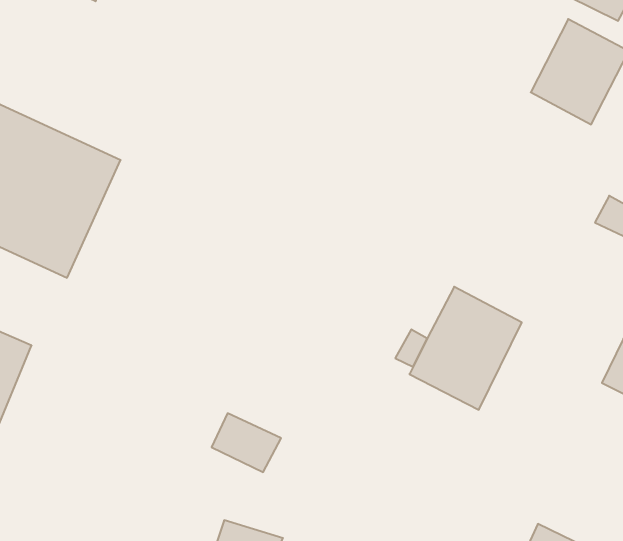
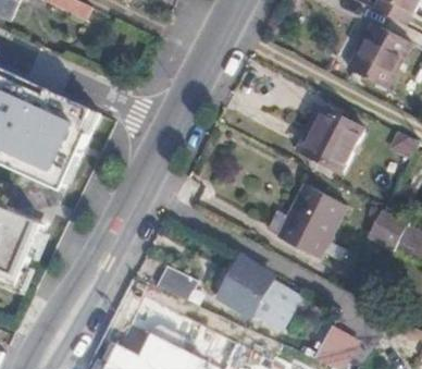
building: none -> [295,109,357,172]
building: none -> [212,258,294,327]

